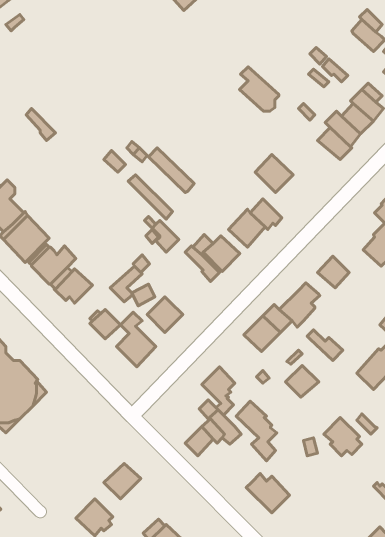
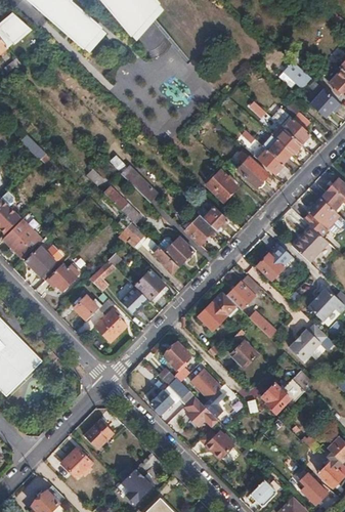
building: [239,67,279,111] -> [236,153,268,188]
building: none -> [136,270,164,299]
building: none -> [185,396,218,427]

